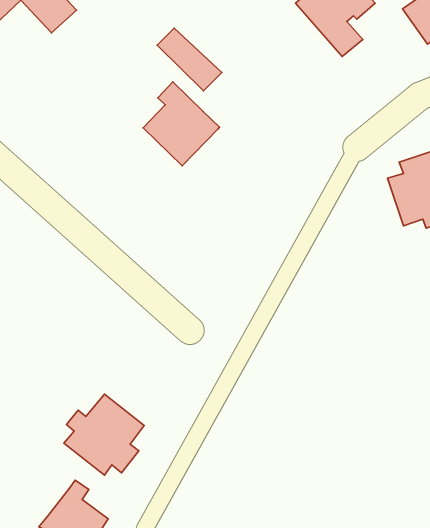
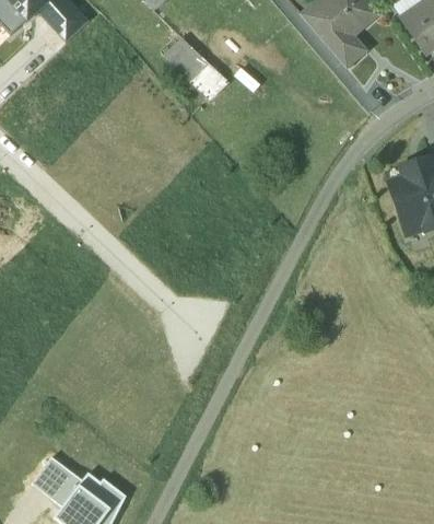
building: [143,82,219,166] -> none
building: [64,394,144,475] -> none
building: none -> [32,456,83,506]

